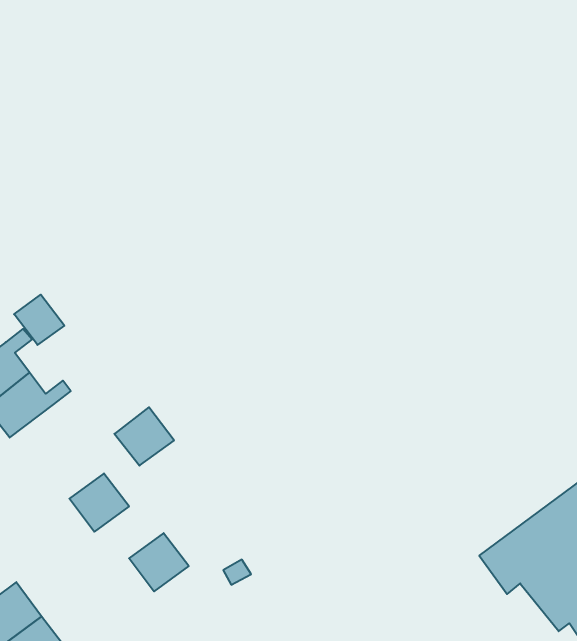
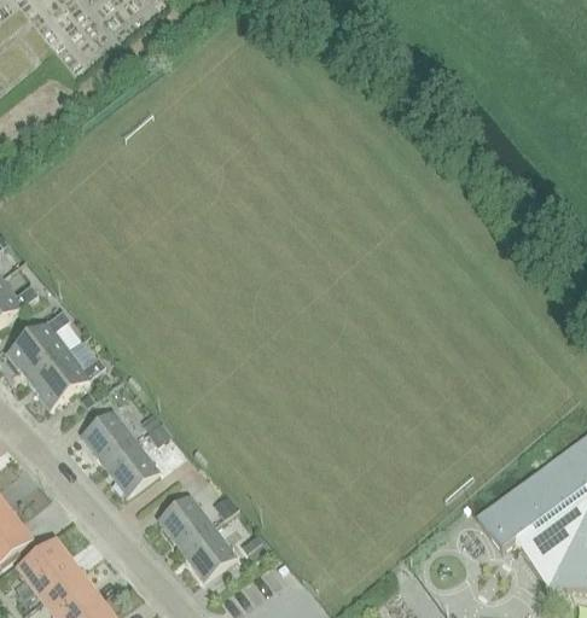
building: [14,295,64,345] -> none
building: [114,407,174,466] -> [81,410,135,464]
building: none -> [181,525,236,578]

